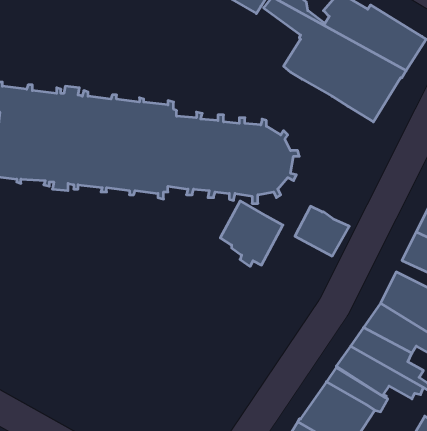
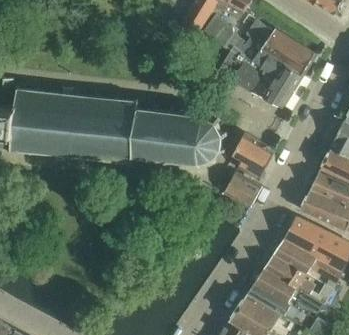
building: [220,201,283,266] -> [231,134,275,180]

